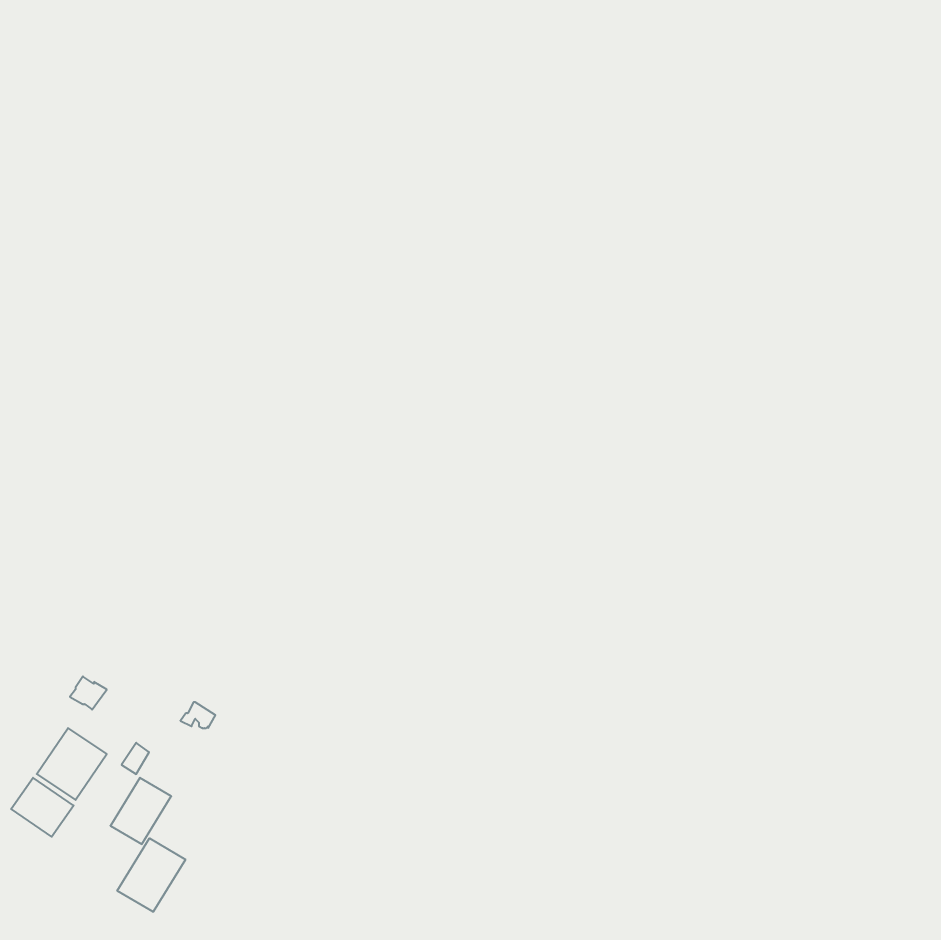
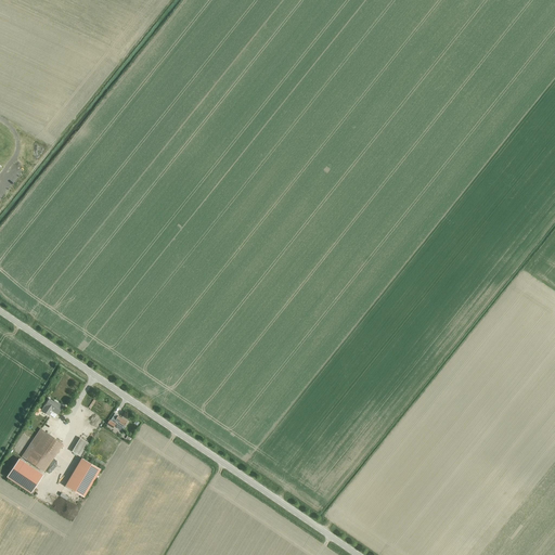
building: [117,838,185,912] -> none

